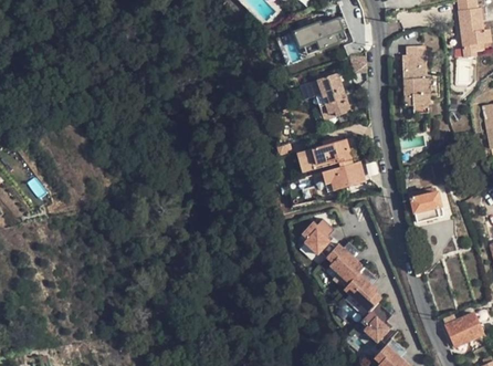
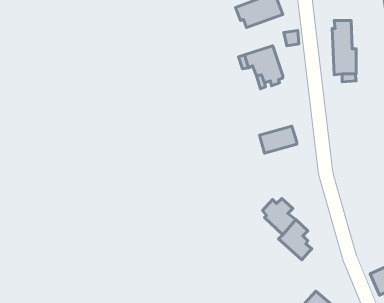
building: [297,137,355,171] -> none
building: [410,190,443,222] -> none
building: [301,218,337,254] -> none
building: [358,300,395,343] -> none

